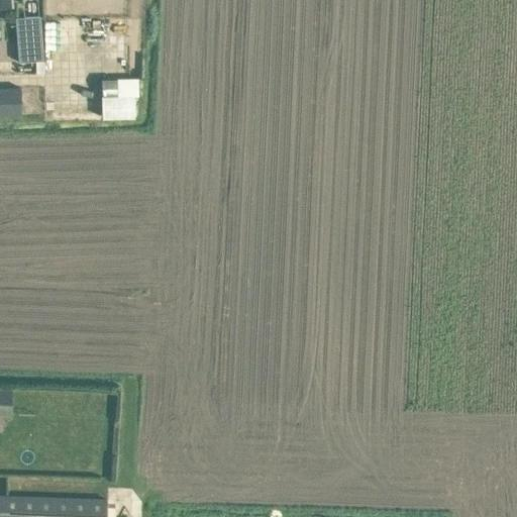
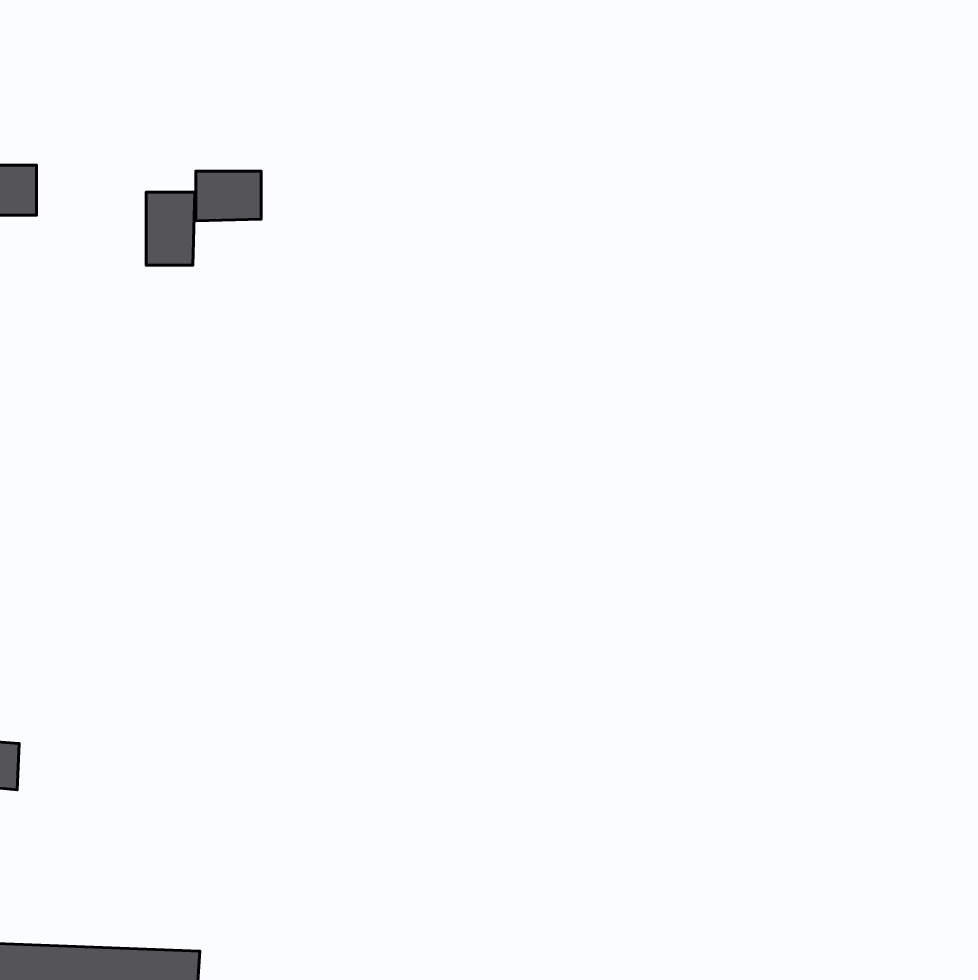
building: [16,14,44,60] -> none
building: none -> [146,192,195,265]

